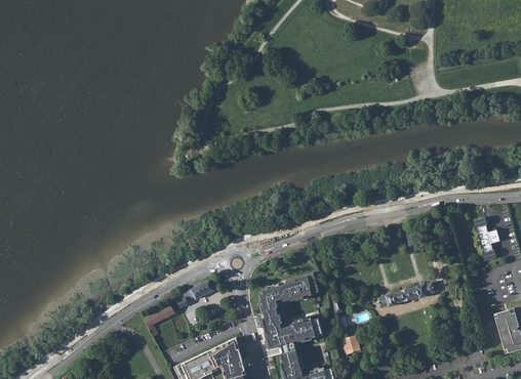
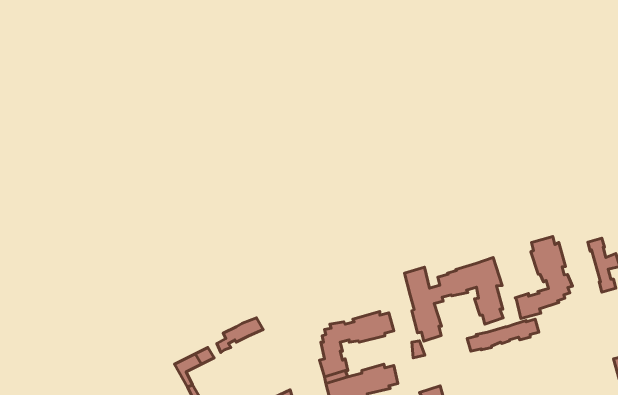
building: none -> [515,236,573,318]
building: none -> [404,258,503,341]

